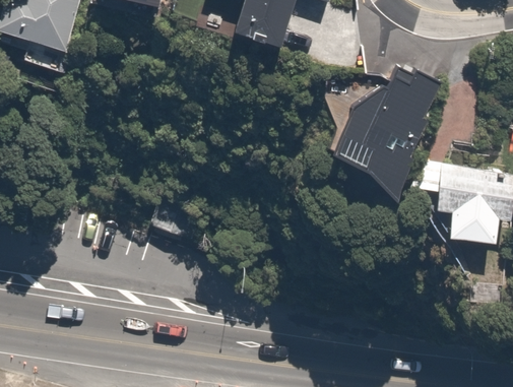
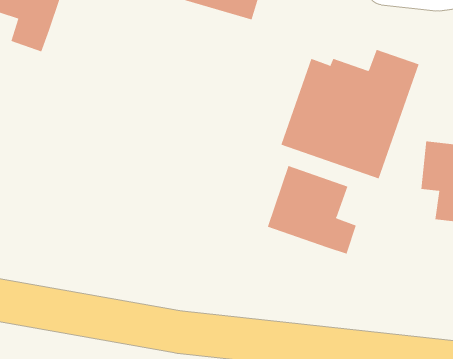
building: none -> [267,165,357,254]

